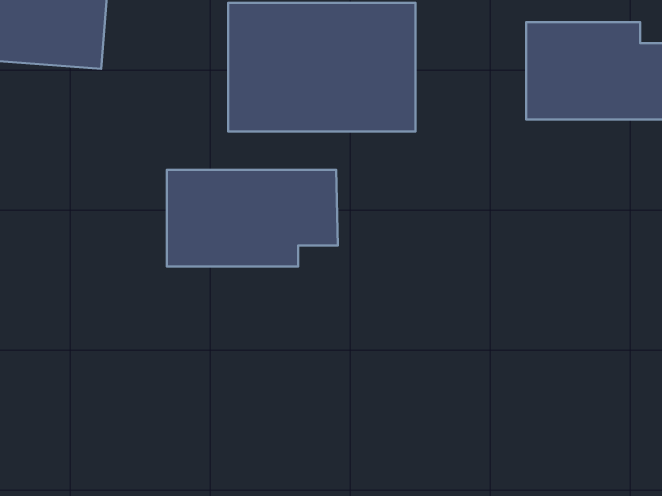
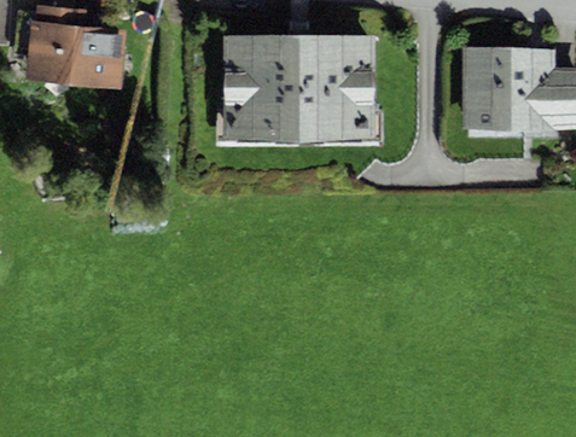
building: [167,170,338,266] -> none

